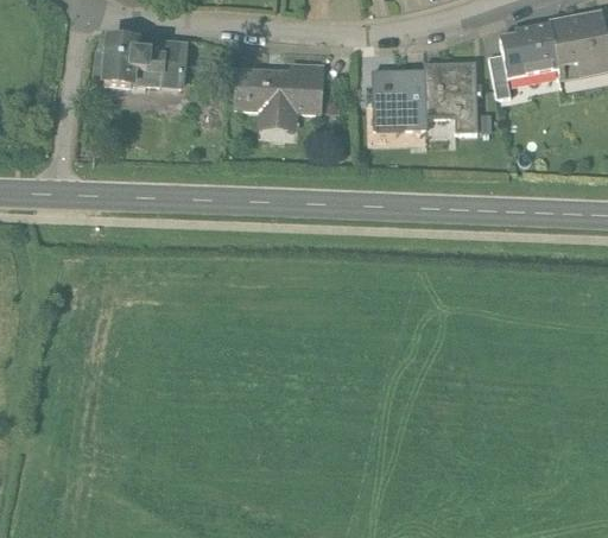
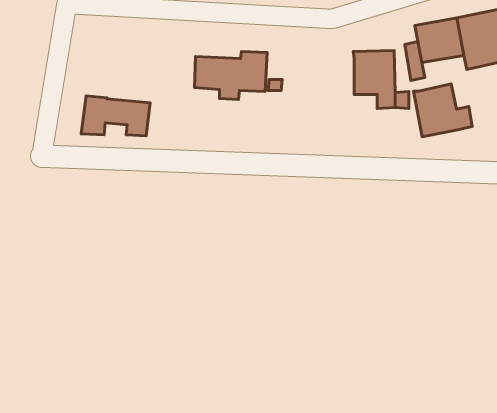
building: [104,33,186,81] -> [81,96,150,136]
building: [373,69,426,126] -> none
building: none -> [413,84,472,137]

